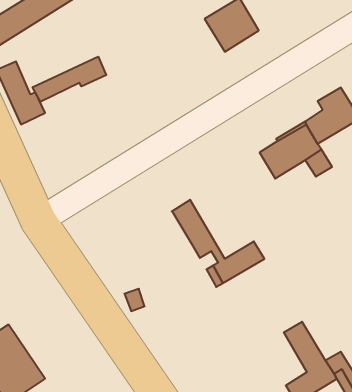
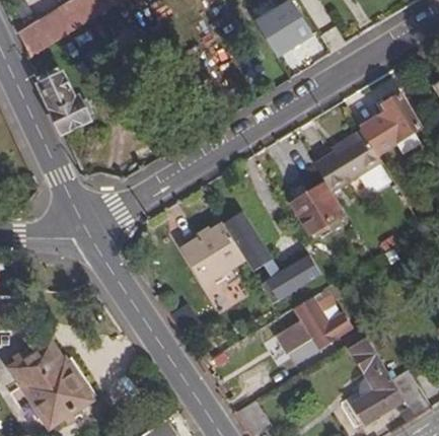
building: [33,57,106,102] -> none
building: none -> [292,186,341,237]
building: none -> [184,225,244,283]
building: none -> [276,297,343,353]

